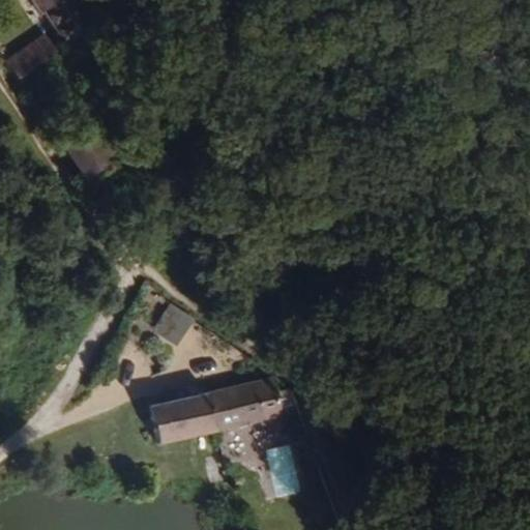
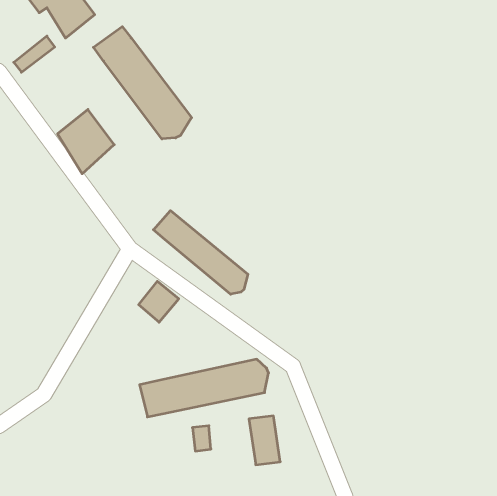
building: none -> [93,27,192,139]
building: none -> [153,211,248,294]

